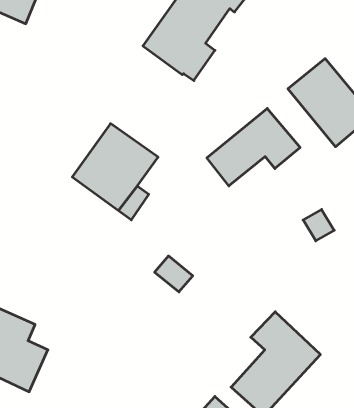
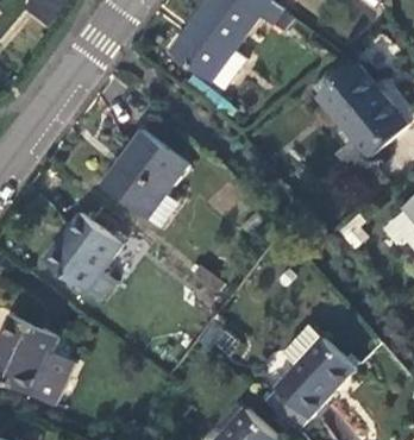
building: [207,108,300,186] -> none
building: none -> [42,213,118,302]

